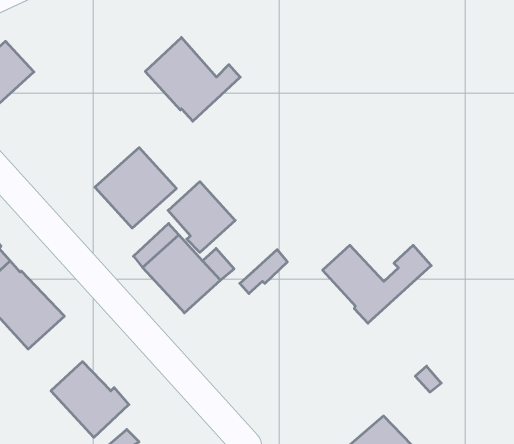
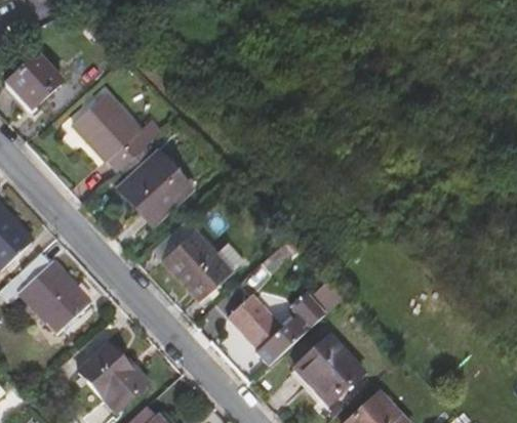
building: [145,37,240,121] -> [75,93,161,169]
building: [168,182,235,252] -> none
building: [323,245,431,323] -> [228,294,326,365]
building: none -> [294,335,364,405]

